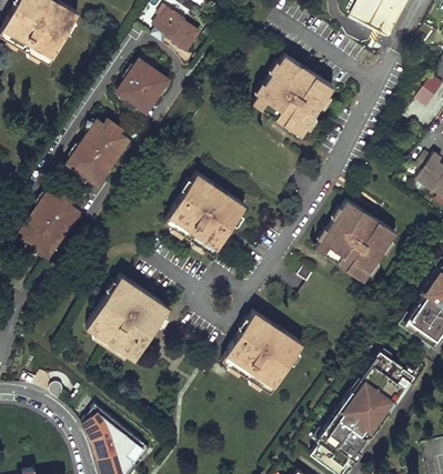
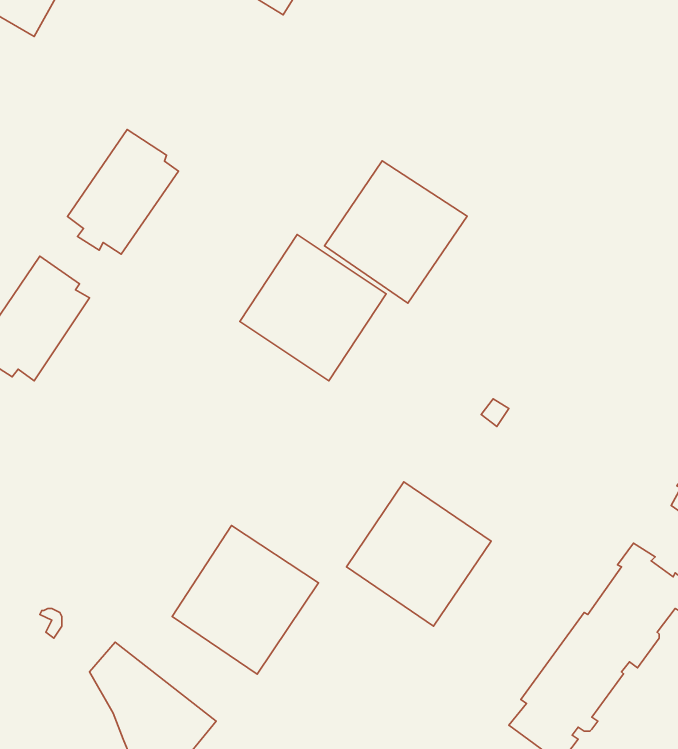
building: [251,52,331,132] -> [325,161,467,303]
building: [117,60,172,112] -> none
building: [316,201,397,282] -> none
building: [87,278,169,361] -> [172,526,319,674]

